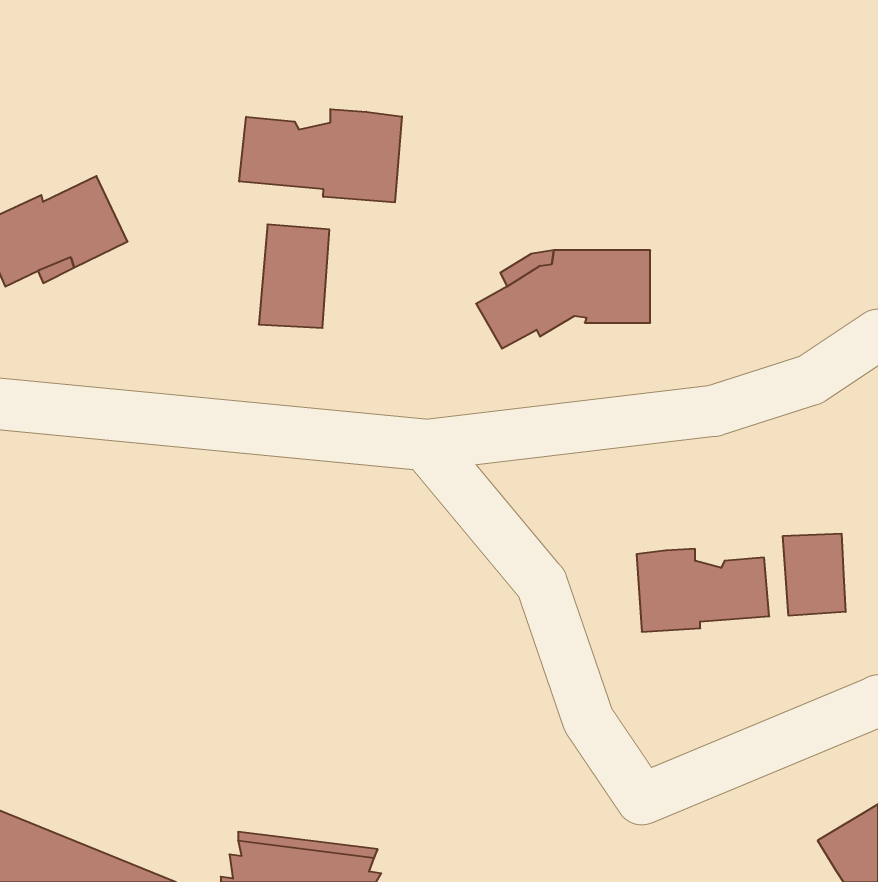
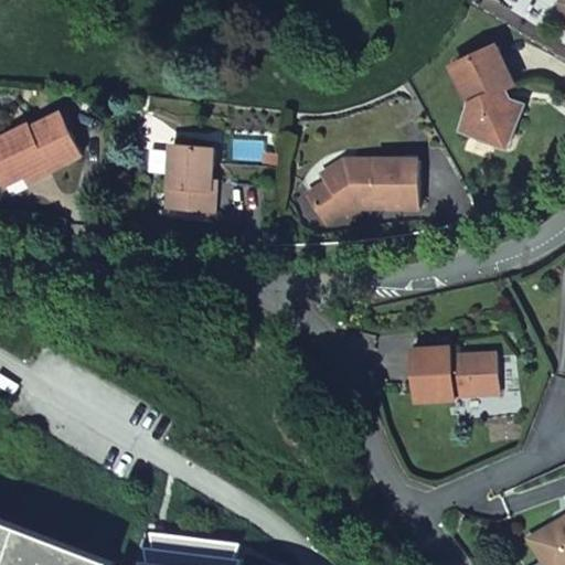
building: none -> [451,45,523,147]
building: [239,109,402,202] -> none
building: [783,534,846,616] -> none

